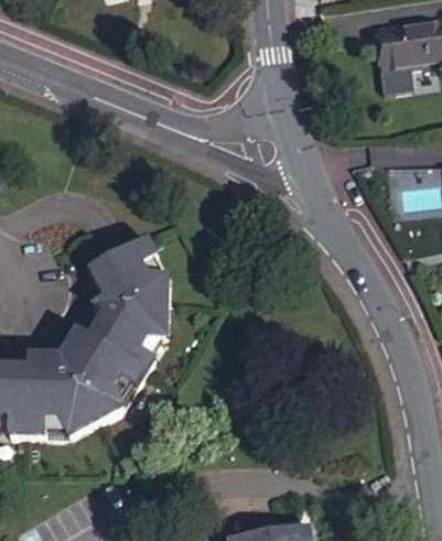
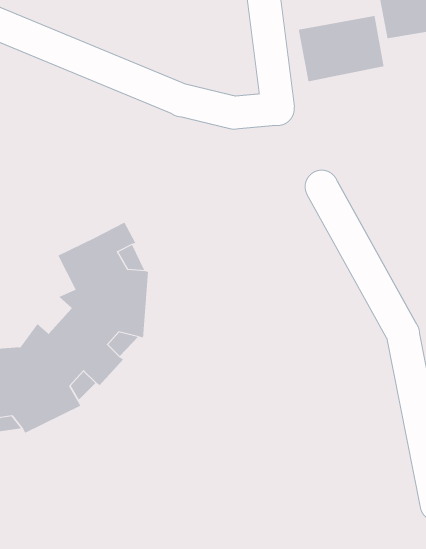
building: none -> [298,15,384,82]

